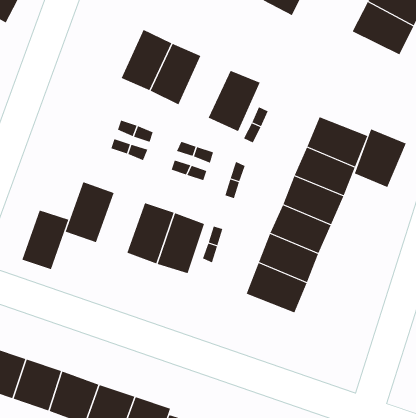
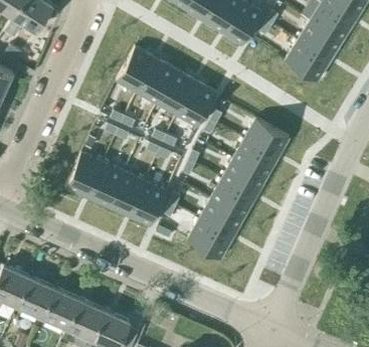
building: none -> [155,68,194,114]
building: [354,128,407,188] -> none
building: [21,210,69,270] -> [86,162,124,206]

